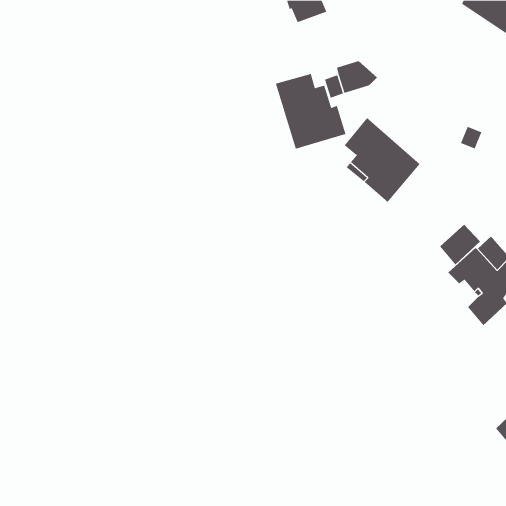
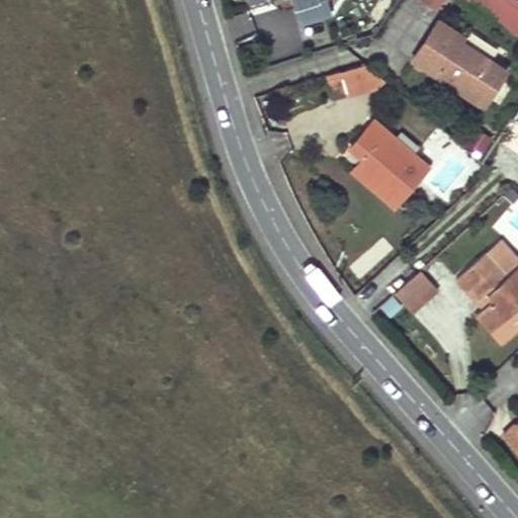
building: none -> [414,21,507,106]
building: [275,73,346,150] -> none
building: [439,224,481,265] -> [396,272,438,315]

